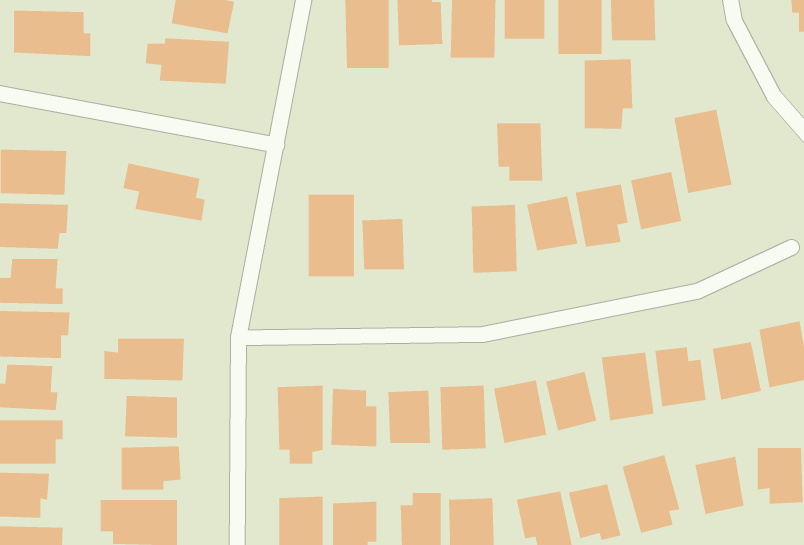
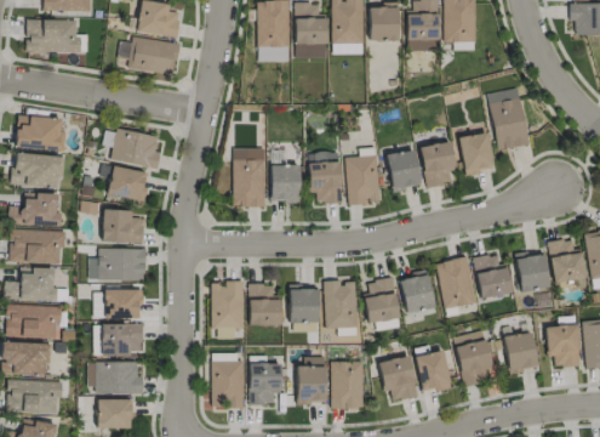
building: [584,58,633,130] -> none
building: [496,122,543,181] -> [309,161,342,203]
building: none -> [108,165,149,202]
building: none -> [102,210,144,242]

